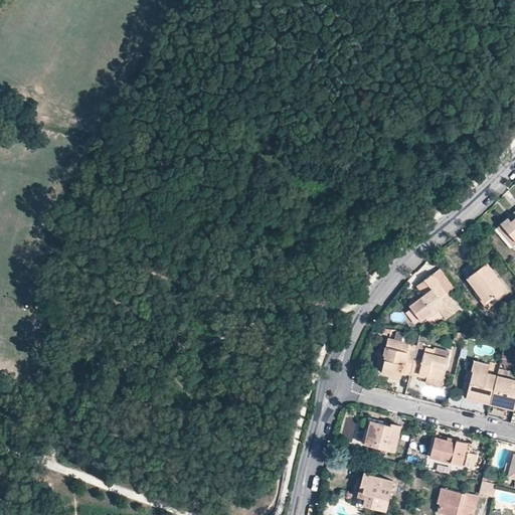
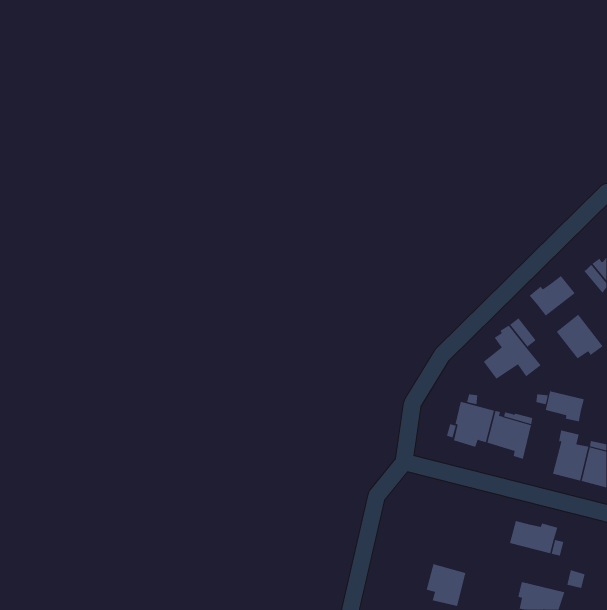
building: none -> [529,275,575,317]
building: none -> [545,391,584,422]
building: [366,423,401,453] -> none

